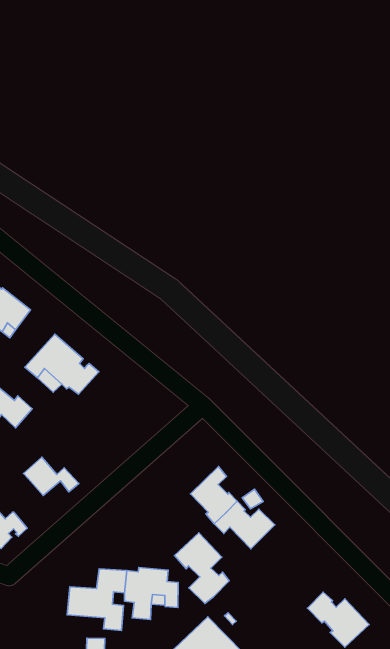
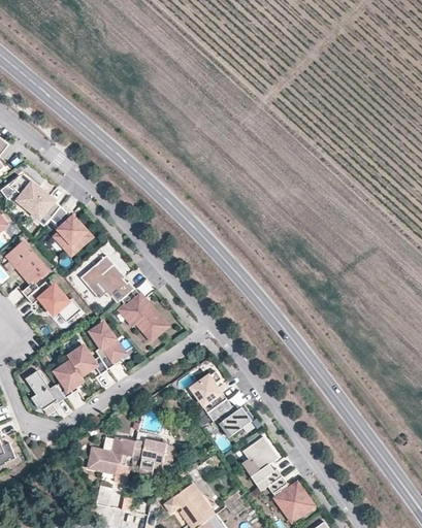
building: none -> [123,289,167,339]
building: none -> [93,324,125,370]
building: none -> [58,361,85,398]
building: [175,533,229,604] -> [242,438,281,492]

